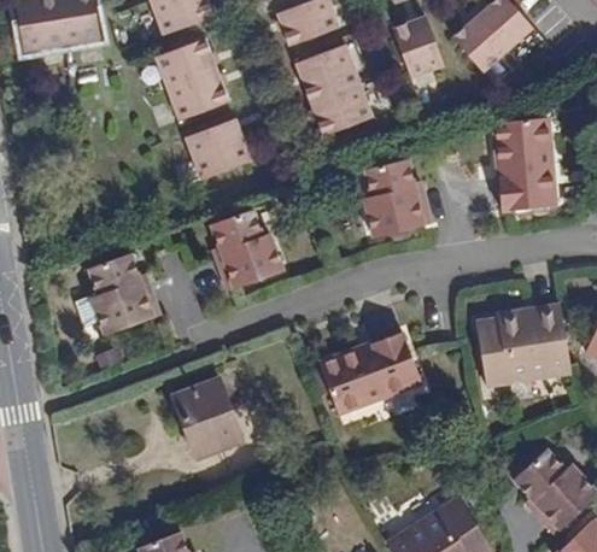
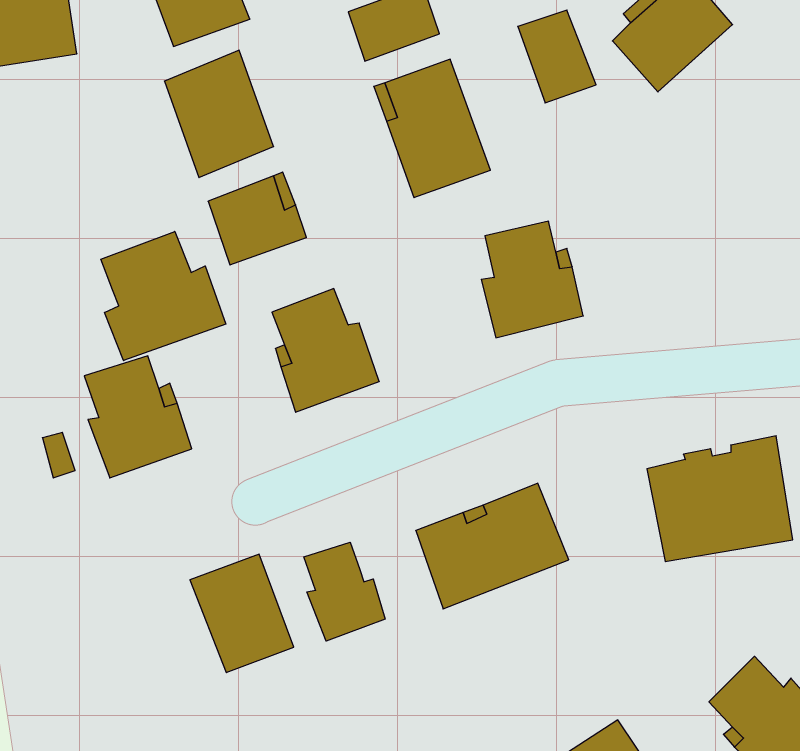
building: [486,117,555,213] -> none
building: none -> [101,231,226,361]
building: none -> [304,542,385,641]

